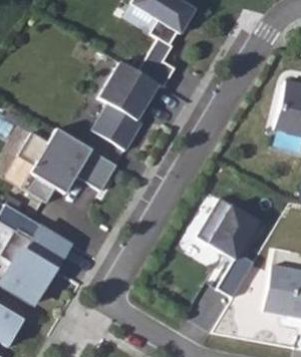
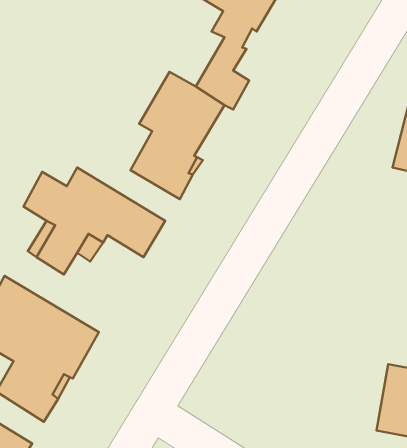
building: [197,198,260,298] -> none

